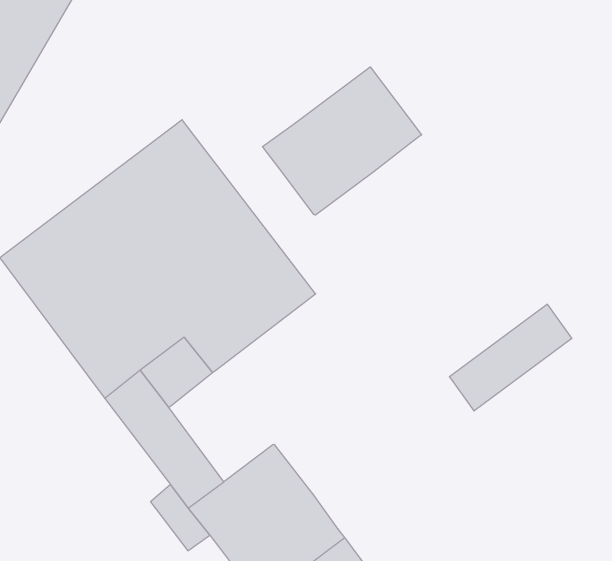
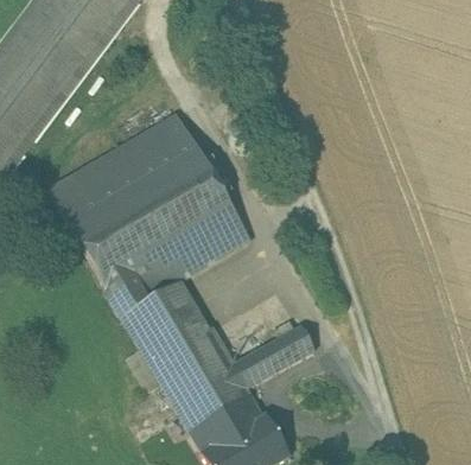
building: [262,67,422,215] -> none
building: [449,304,572,411] -> [234,324,316,387]
building: none -> [147,275,211,348]

